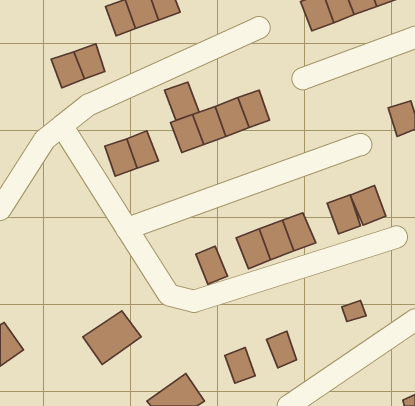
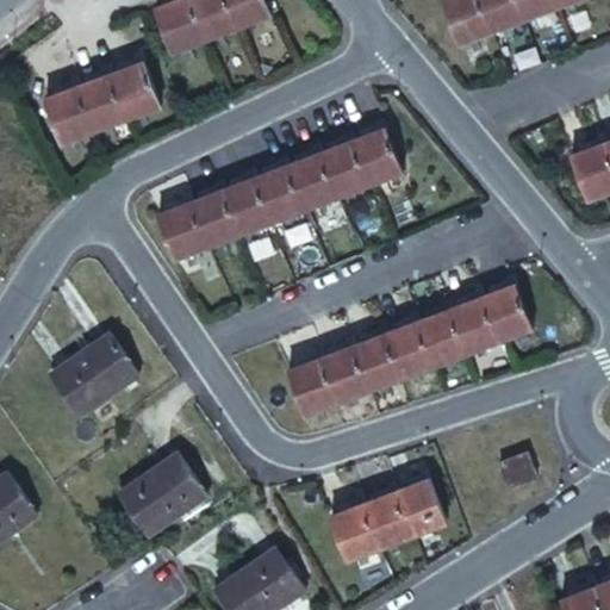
building: none -> [46,87,91,138]
building: [164,82,199,120] -> [216,180,267,236]
building: [350,185,386,225] -> [444,298,497,356]
building: none -> [55,338,136,413]
building: none -> [316,349,365,405]
building: none -> [360,498,407,552]

